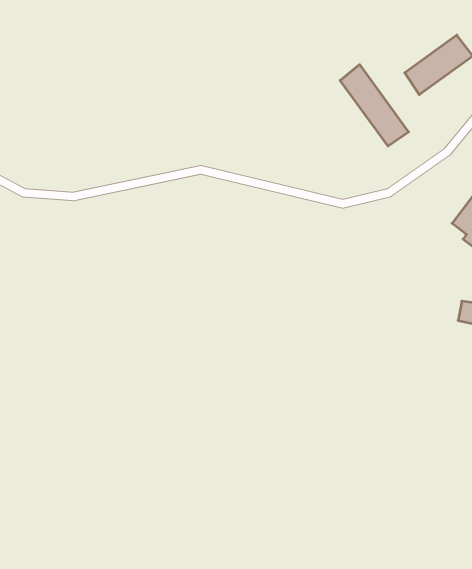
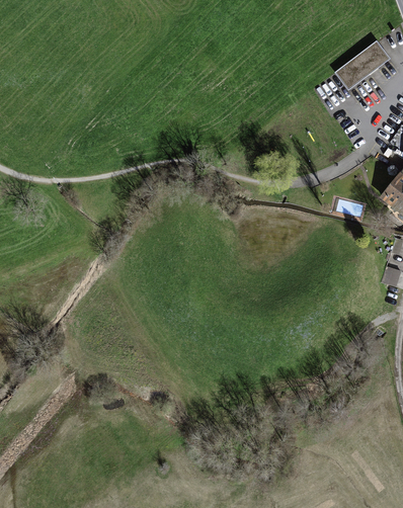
building: [340,65,409,146] -> none

